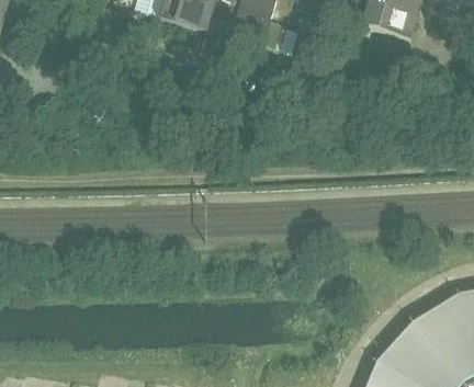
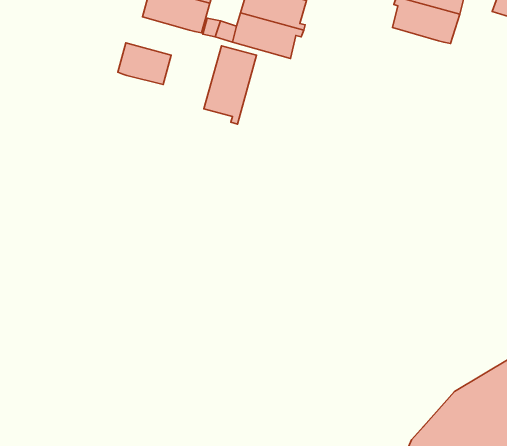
building: none -> [118,43,171,85]
building: none -> [204,46,257,124]

